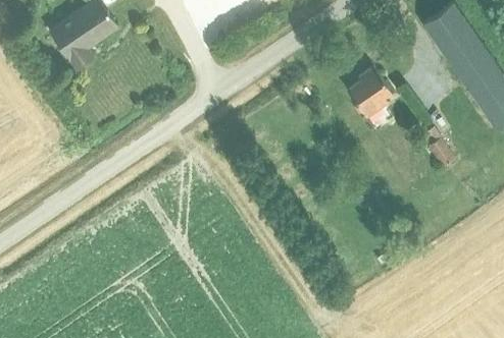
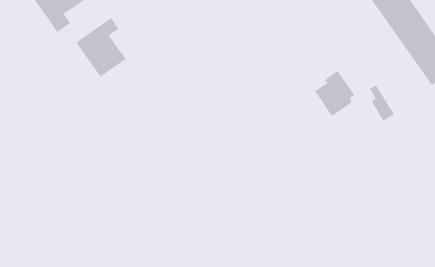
building: none -> [75,17,127,78]
building: [347,66,393,118] -> [314,70,355,117]

